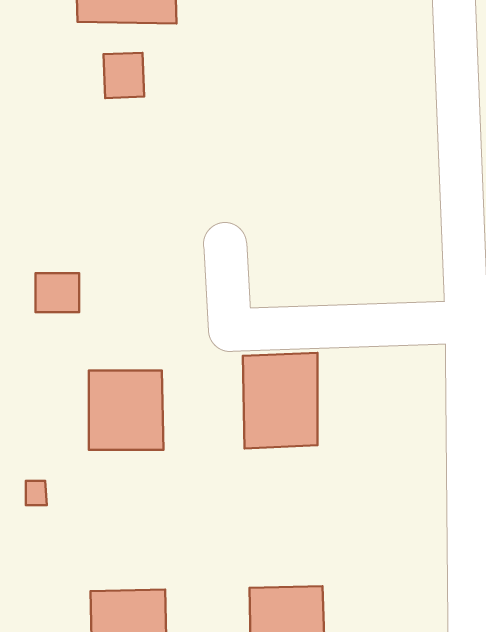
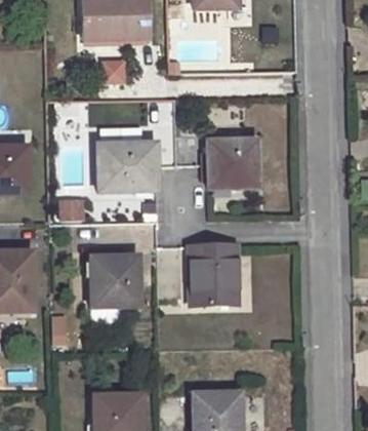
building: none -> [207,138,258,188]
building: none -> [97,144,157,193]

